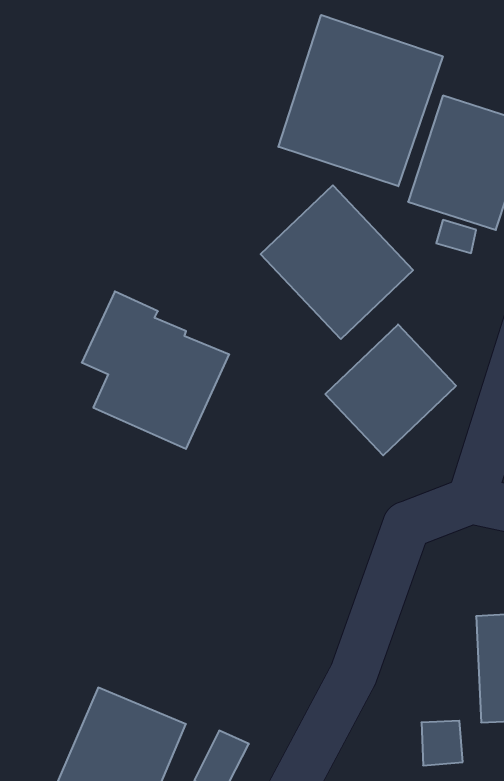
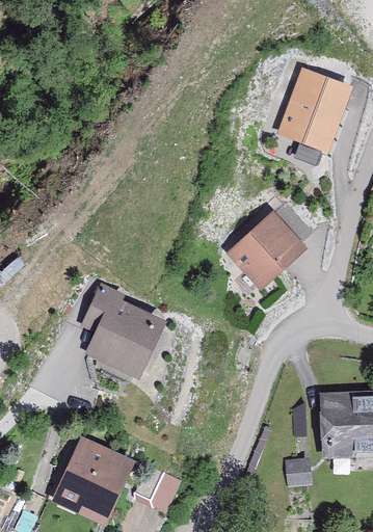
building: [278,15,443,186] -> none
building: [261,185,413,339] -> none
building: [82,291,229,449] -> [79,284,171,382]

